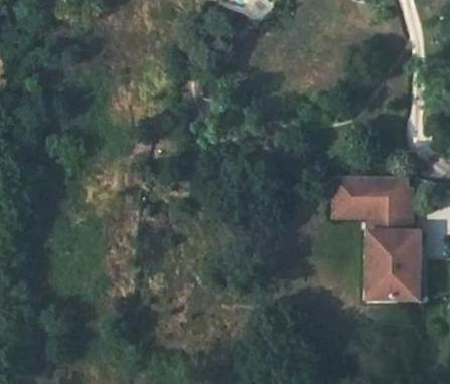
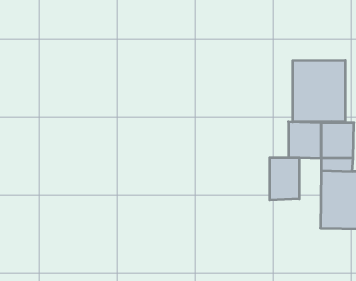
building: none -> [293,60,345,122]
building: none -> [270,158,299,200]

